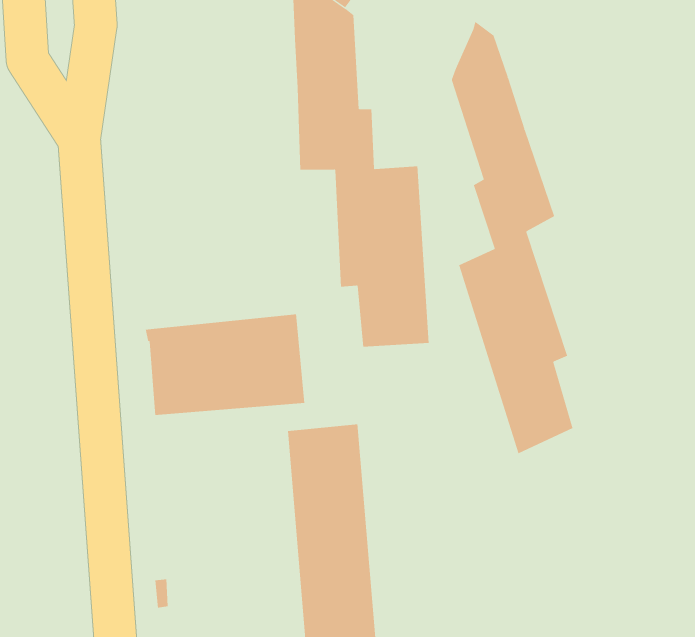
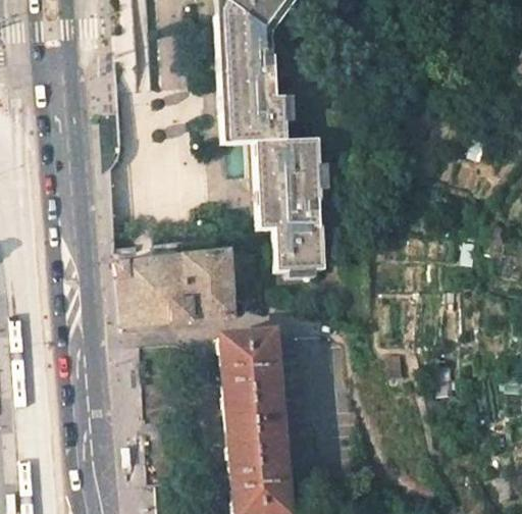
building: [451,21,573,454] -> none

